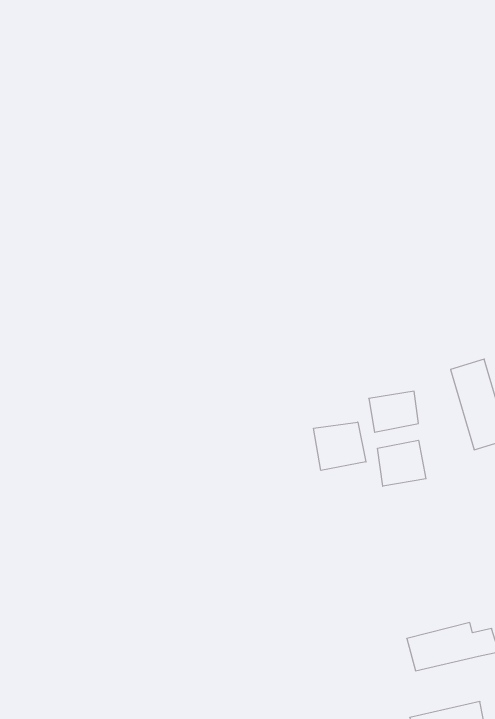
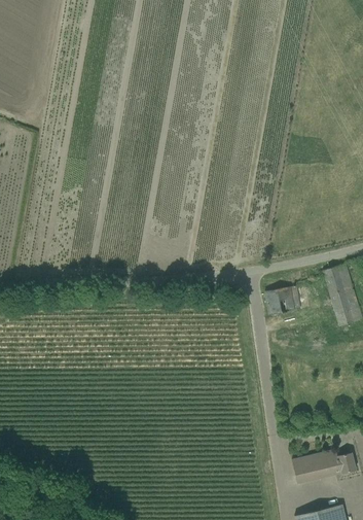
building: [314,422,366,470] -> none
building: [378,440,426,486] -> none

